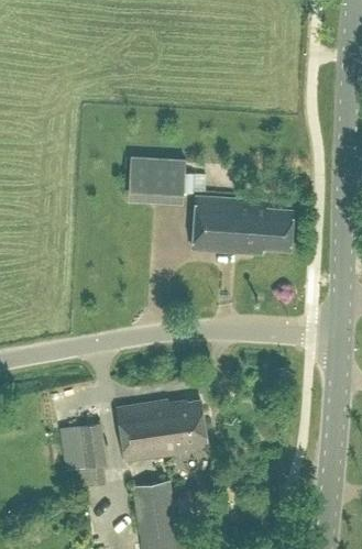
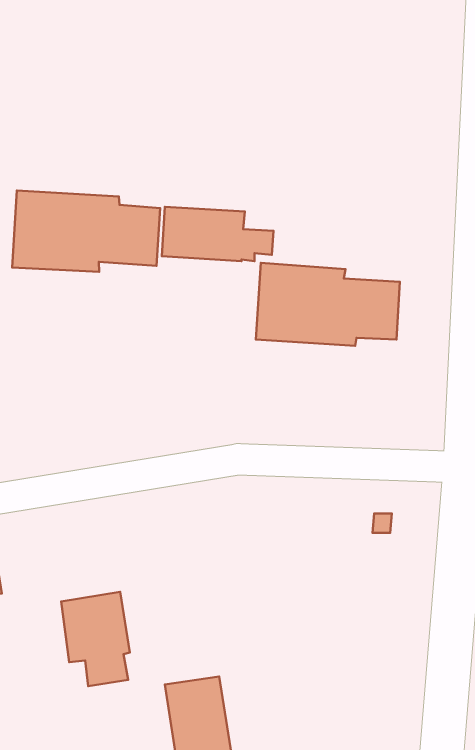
building: none -> [12,191,160,272]
building: [118,399,207,460] -> none

